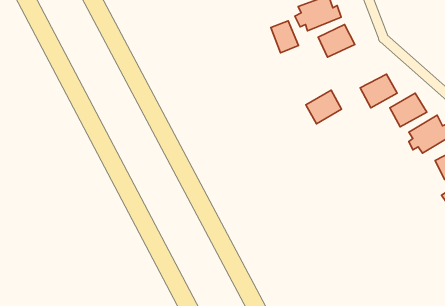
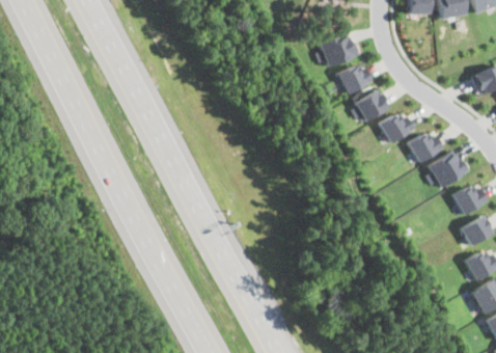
building: [271,21,298,53] -> none
building: [306,90,342,124] -> [355,87,390,120]

